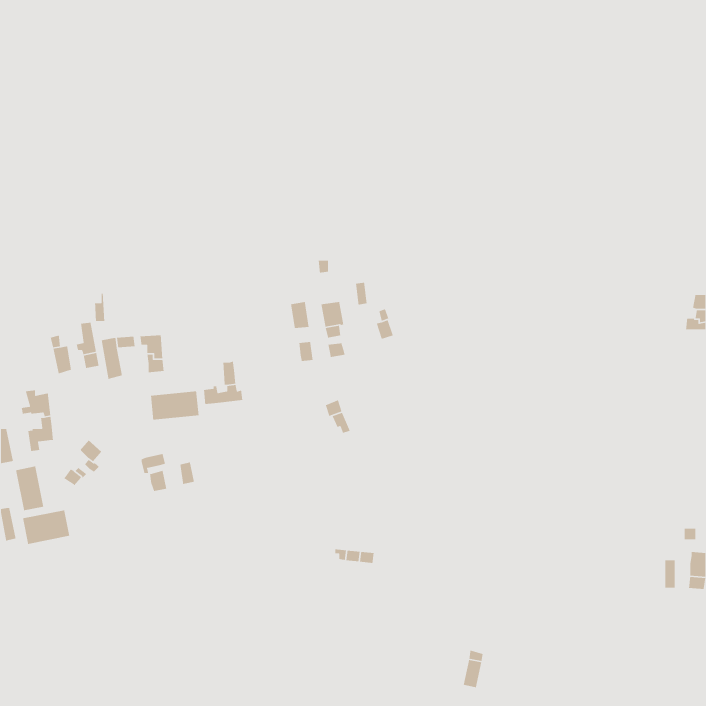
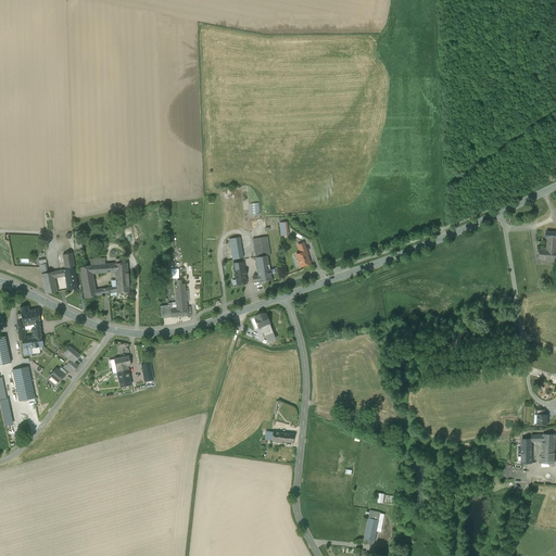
building: [150,391,199,420] -> none
building: [22,509,70,545] -> none

